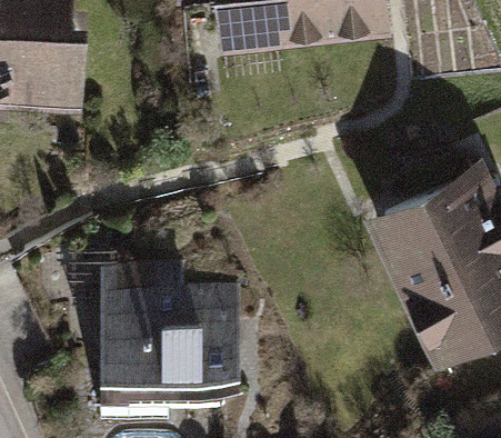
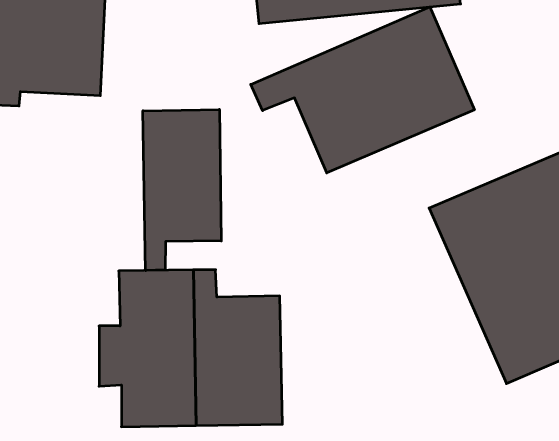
building: none -> [251,7,474,173]
building: none -> [143,109,221,271]

